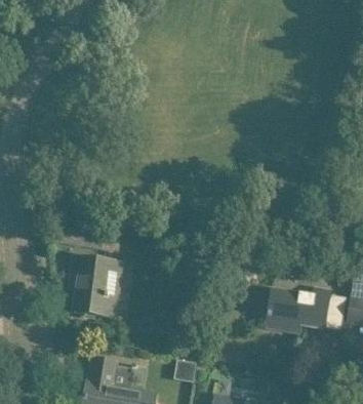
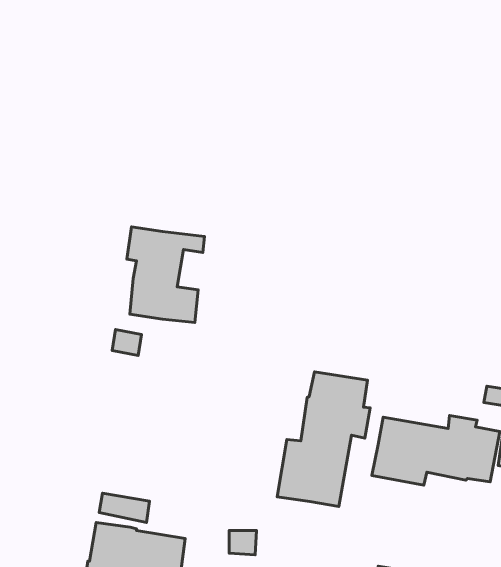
building: [73,255,122,316] -> [127,227,205,322]
building: none -> [277,372,370,507]

